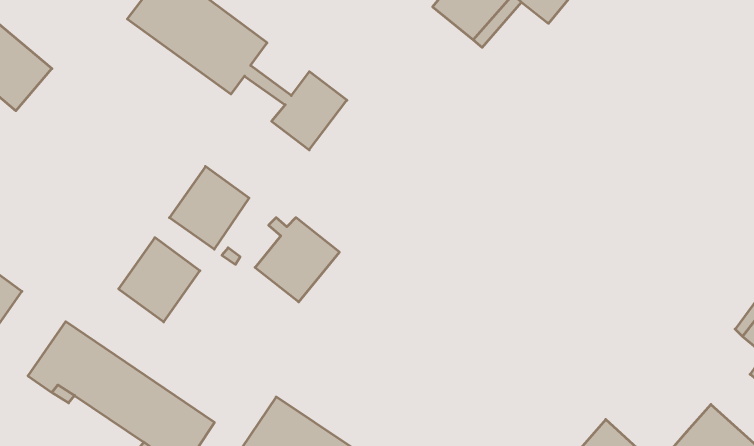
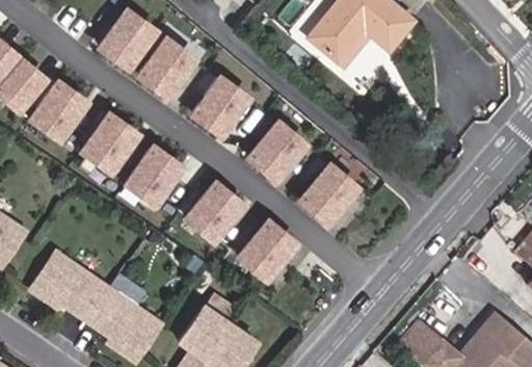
building: none -> [31,81,86,137]
building: none -> [247,122,307,182]
building: none -> [300,166,357,224]
building: [119,238,200,322] -> [82,112,138,171]
building: none -> [239,218,297,280]

